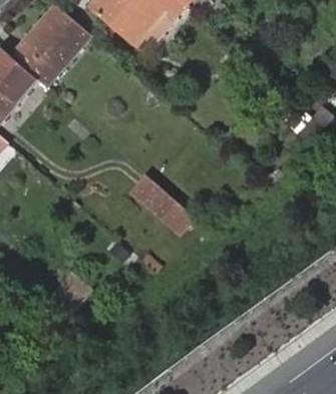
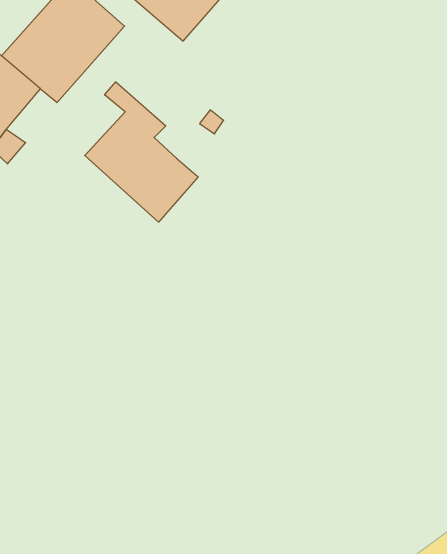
building: none -> [85,82,198,222]
building: [131,174,177,219] -> none

